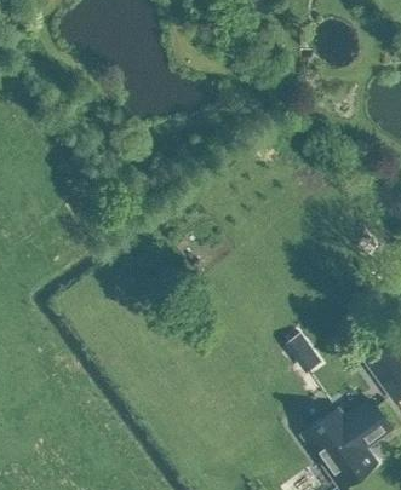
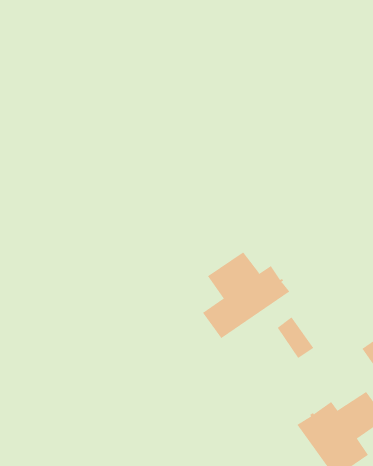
building: none -> [202,252,290,339]

